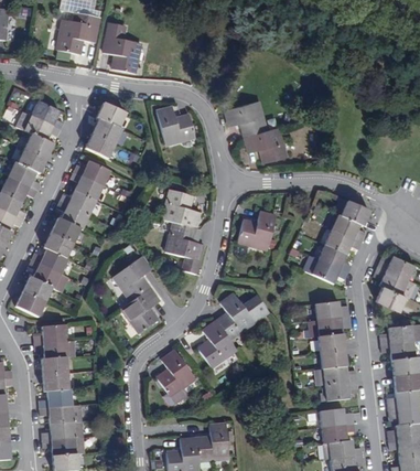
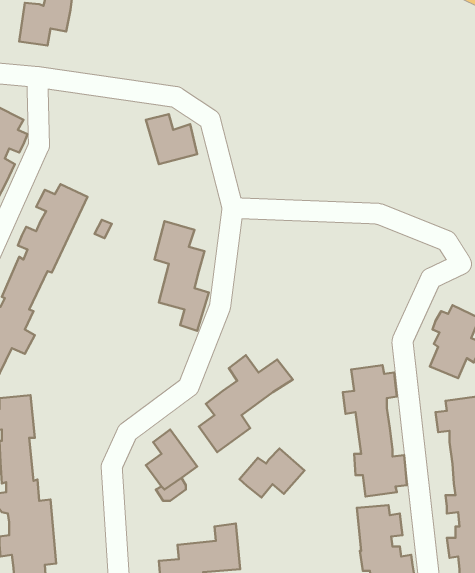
building: [103,35,140,72] -> none
building: [224,100,286,162] -> none
building: [85,101,125,158] -> none
building: [303,201,369,282] -> none
building: [237,212,276,249] -> none
building: [112,255,160,333] -> none
building: none -> [240,448,304,497]

